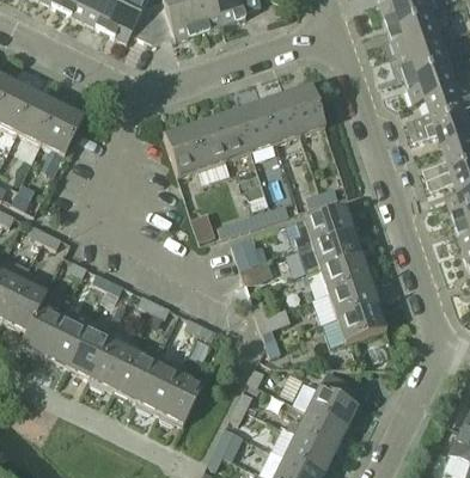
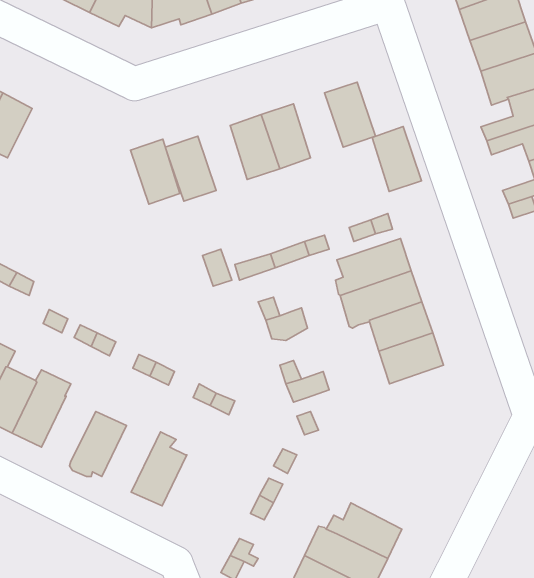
building: [261,93,299,143] -> [372,127,422,192]
building: [39,105,83,155] -> none
building: [187,118,225,168] -> [130,139,180,204]
building: [335,304,385,343] -> none
building: [66,318,108,378] -> none
building: [112,343,154,402] -> none
building: [159,362,202,424] -> none
building: [292,370,356,430] -> none

